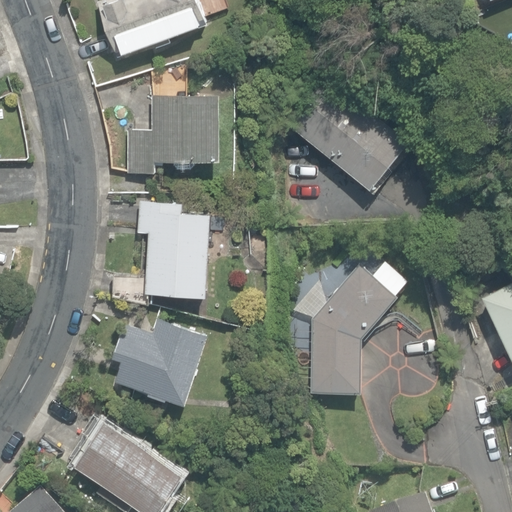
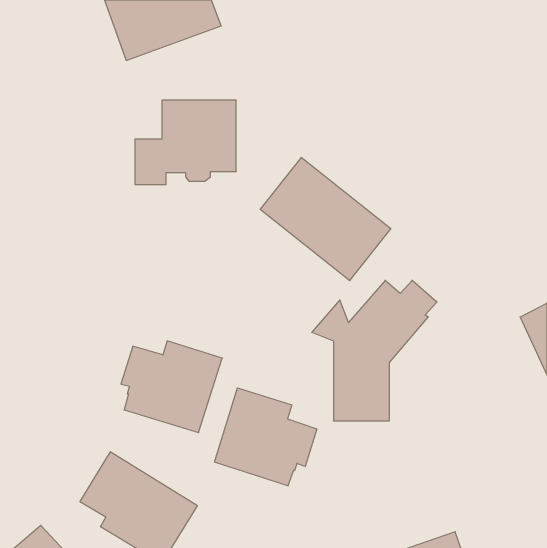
building: [286,76,407,190] -> [260,158,391,281]
building: [111,201,210,306] -> none
building: none -> [215,388,317,486]

